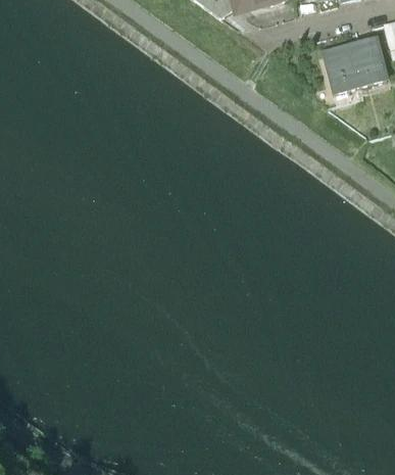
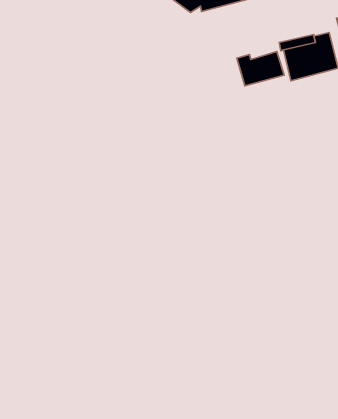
building: none -> [237,51,284,86]

